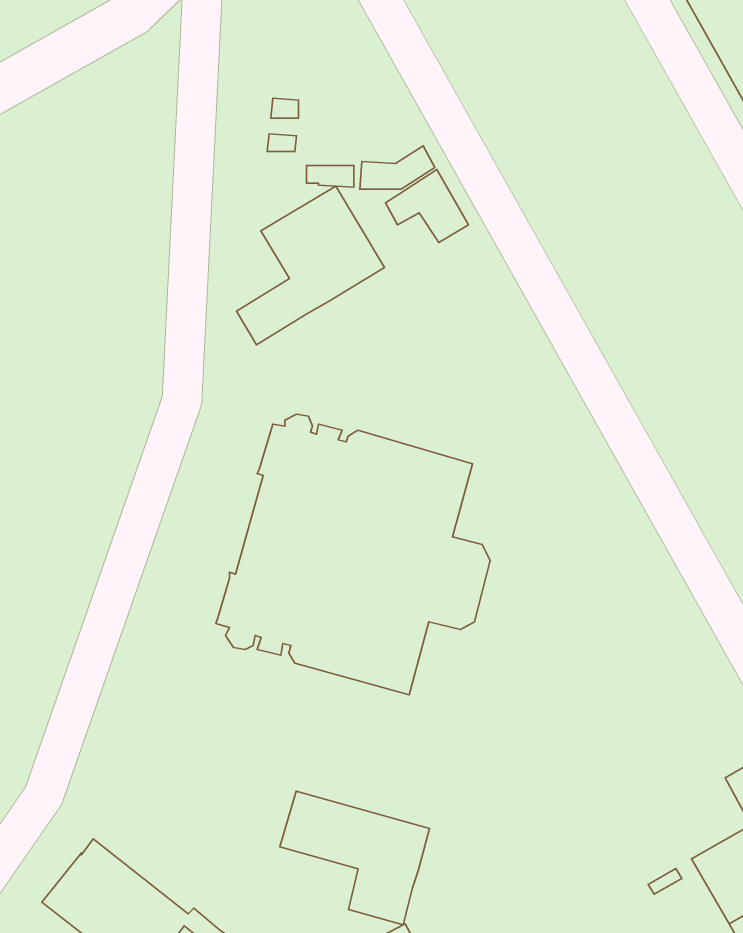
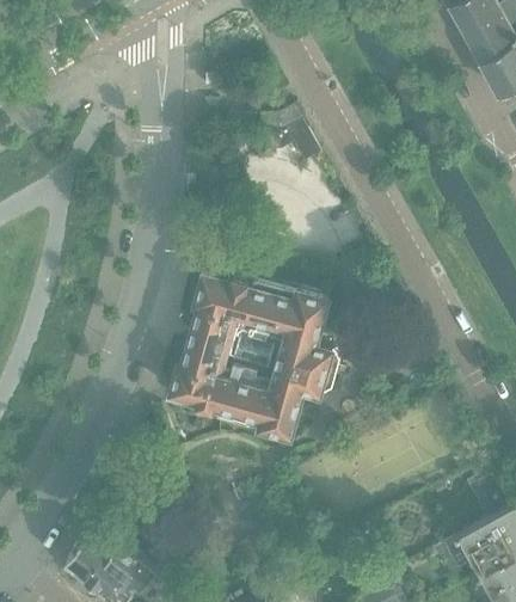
building: [237,186,384,345] -> none
building: [280,791,429,925] -> none

